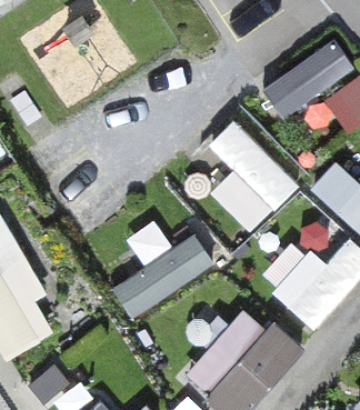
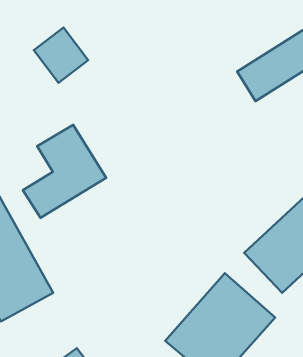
building: [209,117,299,232] -> none
building: [112,214,202,316] -> [23,125,106,218]

